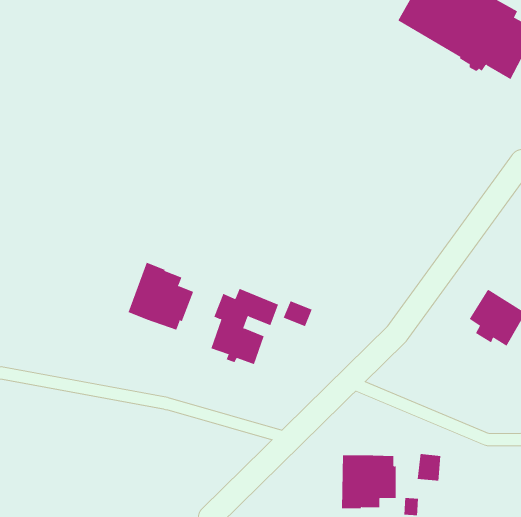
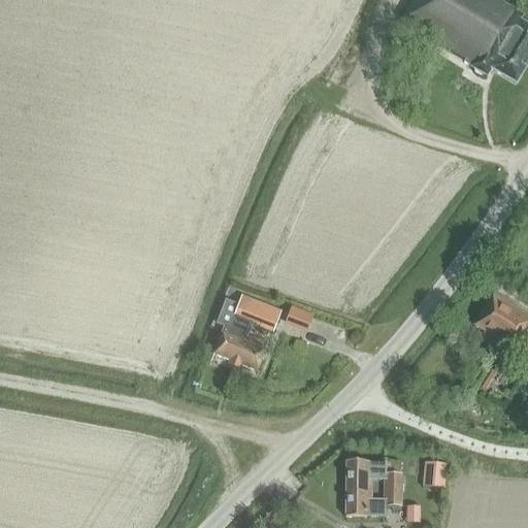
building: [128,262,194,331] -> none

